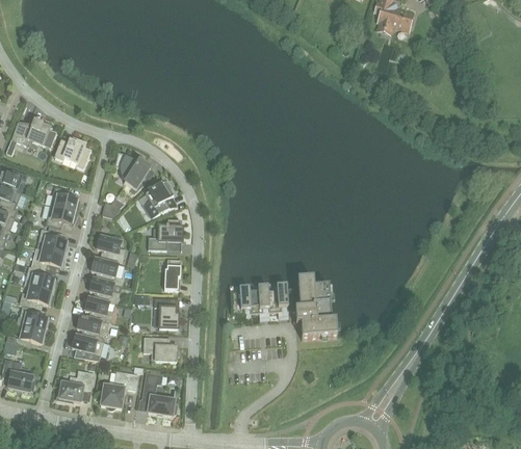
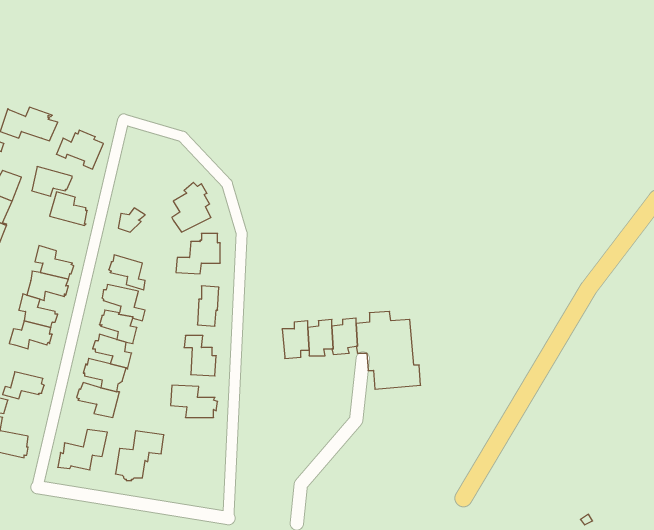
building: [114,152,151,193] -> none
building: [46,205,77,228] -> [32,167,72,196]
building: [17,305,49,331] -> none
building: [142,372,177,415] -> none

